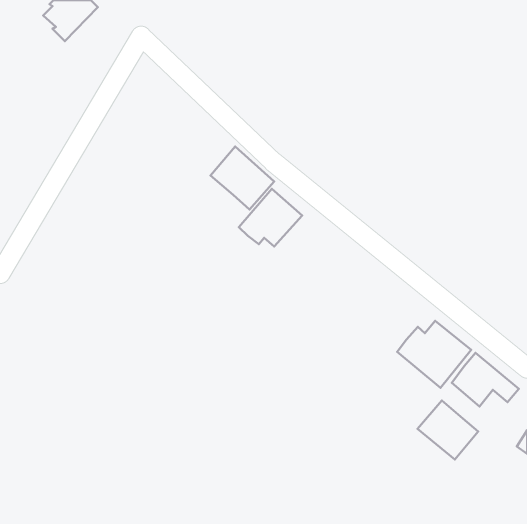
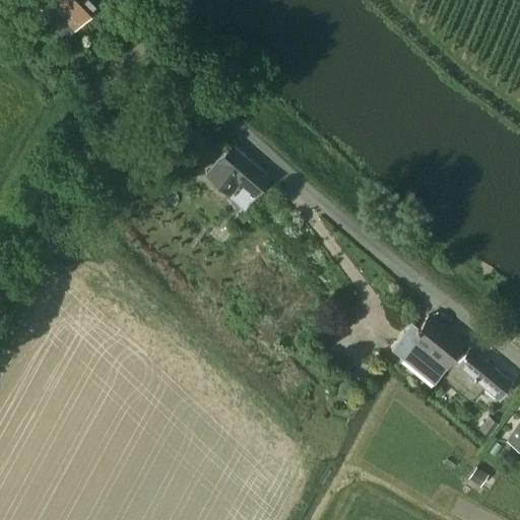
building: [239,189,302,246] -> none
building: [418,401,478,459] -> none

